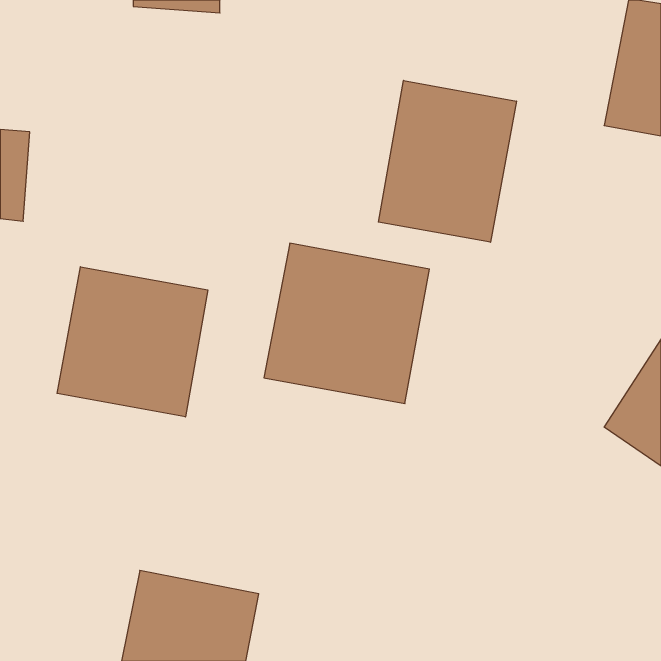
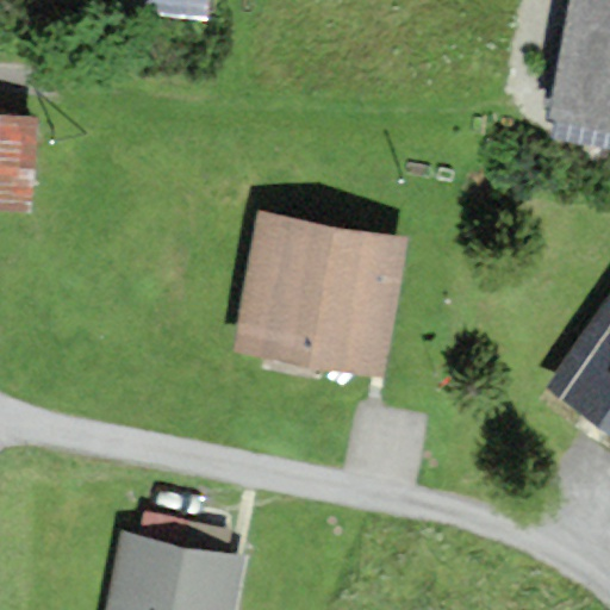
building: [378,80,516,242] -> none
building: [57,267,208,417] -> none

